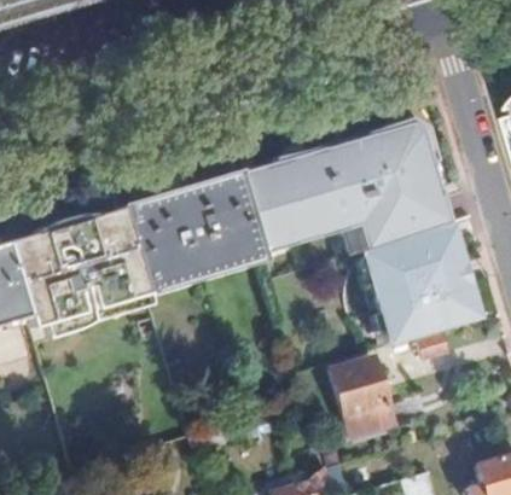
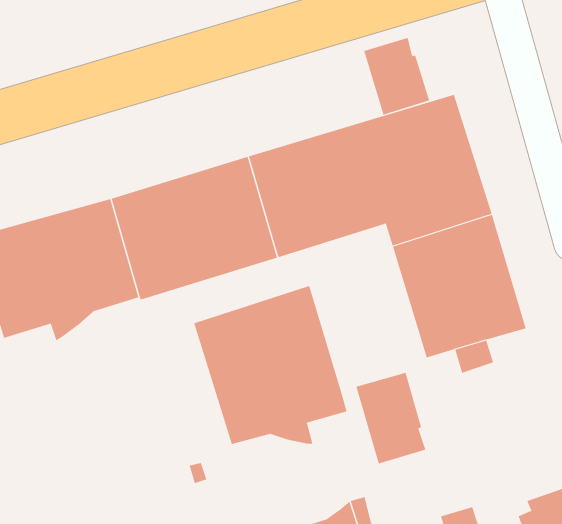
building: none -> [363,37,430,116]
building: none -> [194,285,347,445]

